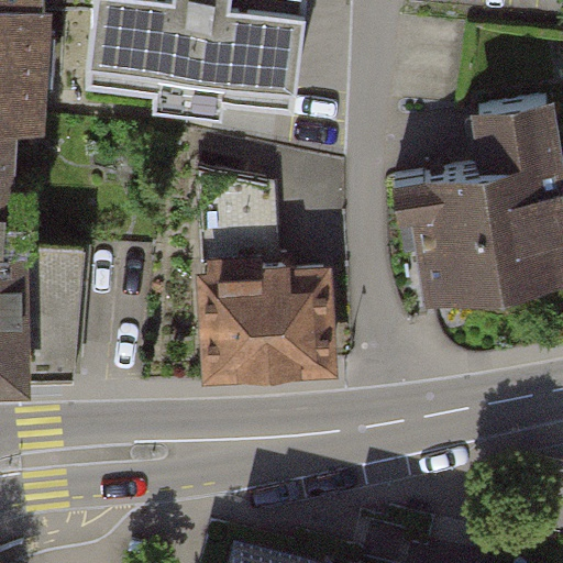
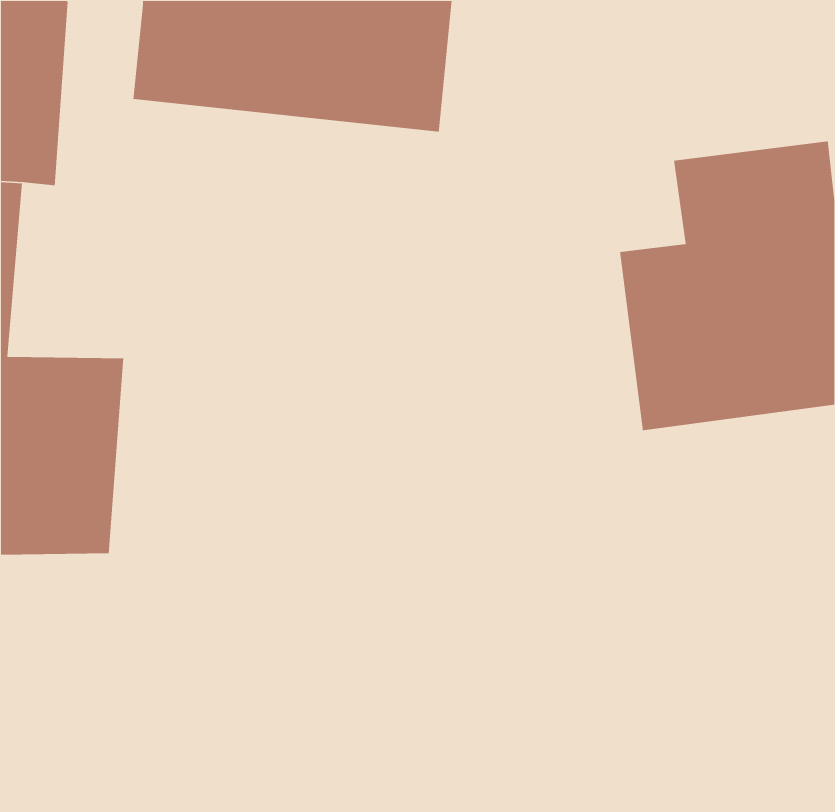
building: [202,179,335,386] -> none

